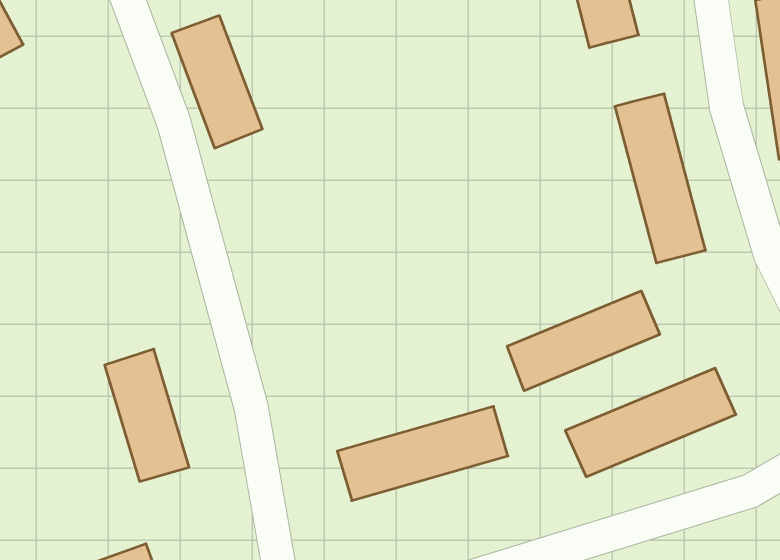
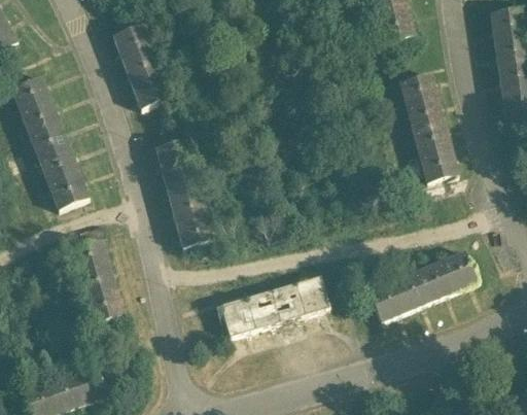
building: none -> [11,76,90,210]
building: none -> [155,139,215,248]
building: [507,291,660,391] -> none

